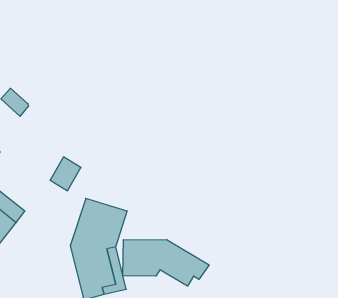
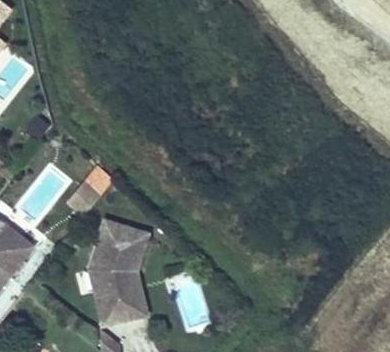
building: [123,240,209,286] -> none

